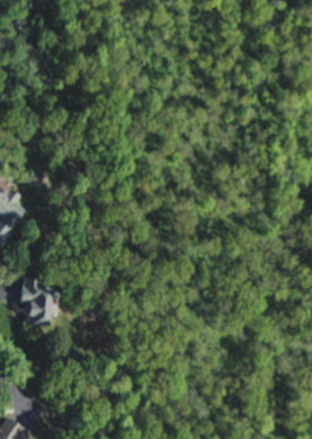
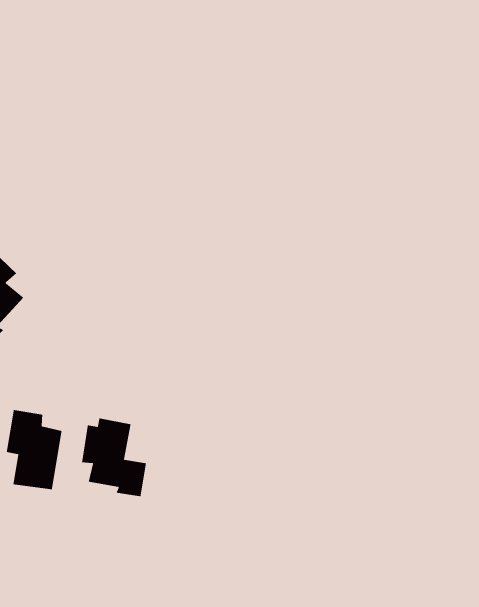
building: none -> [81,418,147,497]

